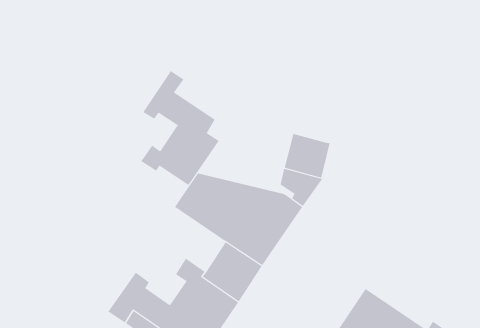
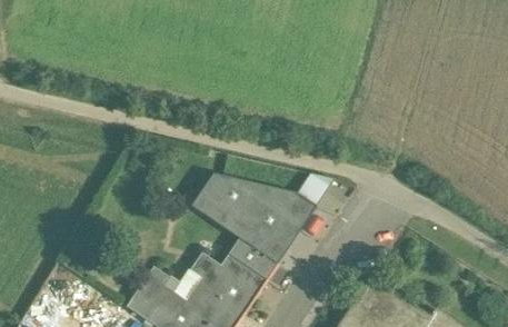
building: [141,70,219,186] -> none
building: [284,133,330,178] -> none

